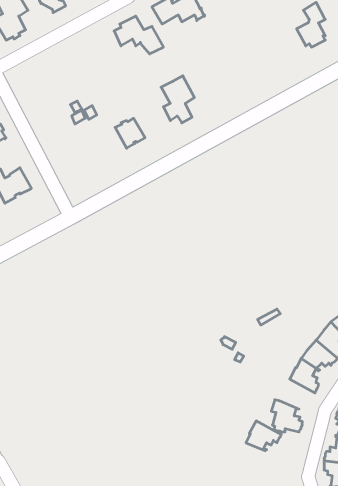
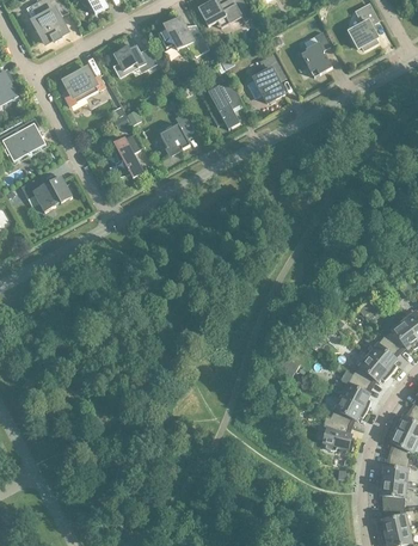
building: none -> [300,31,332,76]
building: none -> [113,44,155,76]
building: none -> [247,53,284,103]
building: none -> [62,69,104,105]
building: none -> [112,134,143,179]
building: [246,421,281,451] -> [330,394,367,425]

